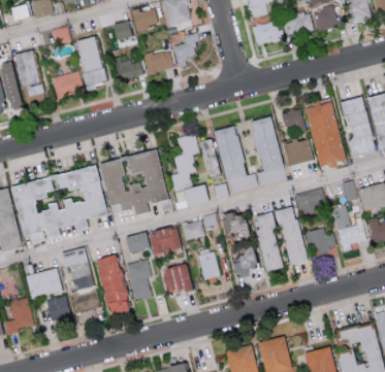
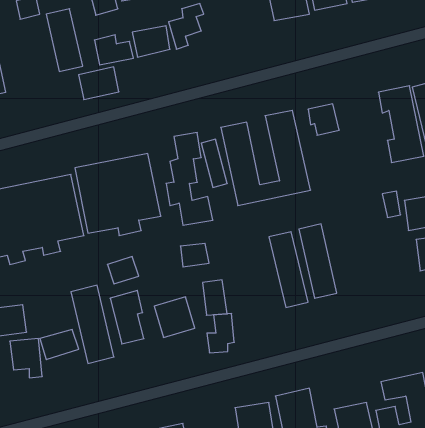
building: [53,71,85,97] -> [79,67,119,100]
building: [304,102,346,167] -> none
building: [282,139,313,166] -> none
building: [297,190,326,212] -> none
building: [334,206,368,251] -> none
building: [223,212,247,240] -> none
building: [149,227,182,255] -> none
building: [307,228,338,258] -> none
building: [61,247,93,291] -> none
building: [233,247,255,278] -> [207,314,234,353]

